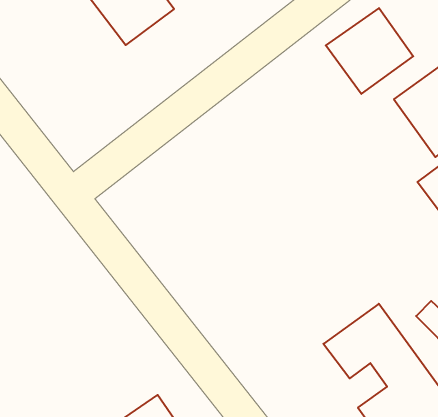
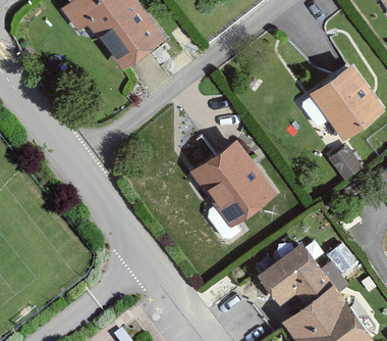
building: [326,8,413,94] -> none
building: none -> [188,133,263,212]

